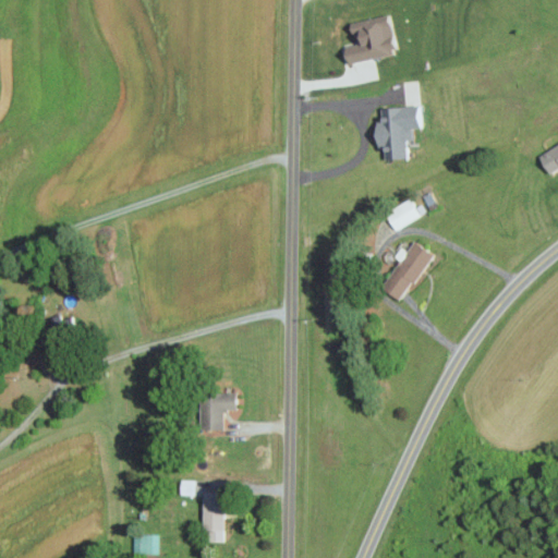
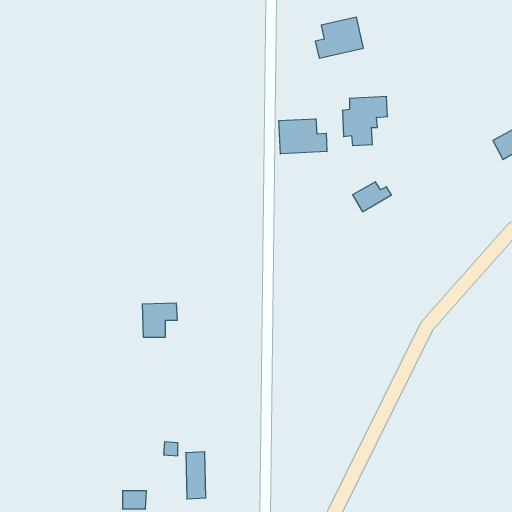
building: none -> [279,119,327,154]
building: [380,241,432,302] -> none
building: [197,392,235,429] -> [142,303,177,337]

